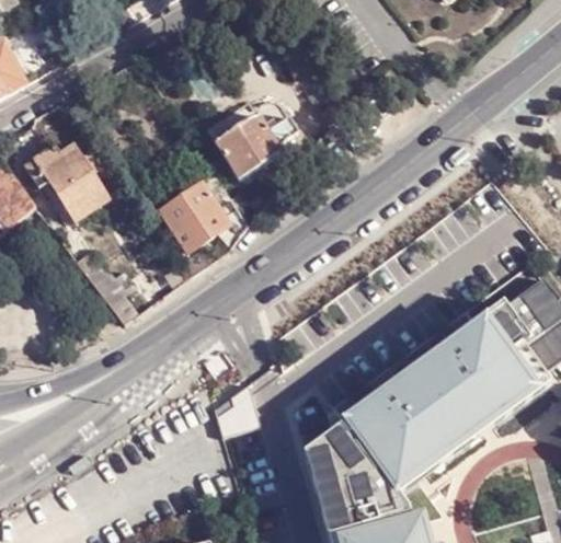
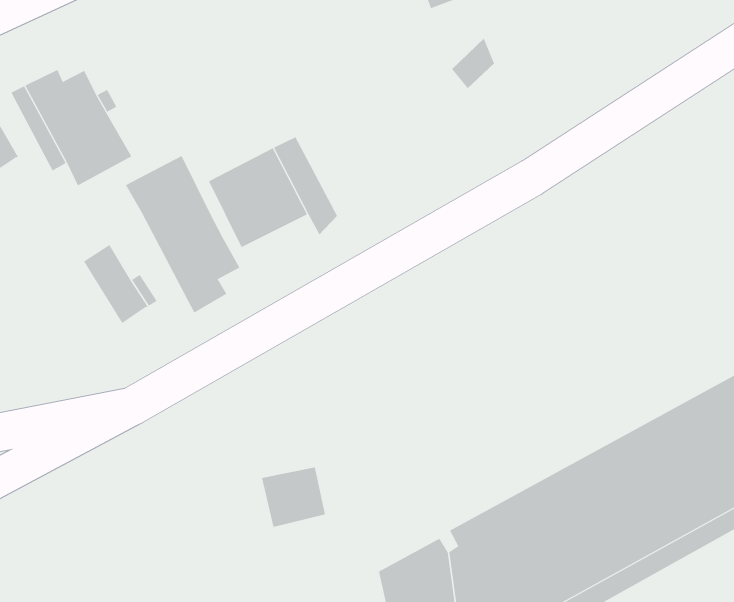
building: [213,111,296,175] -> none
building: none -> [125,155,240,313]

